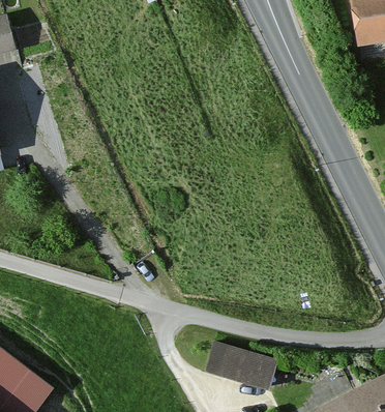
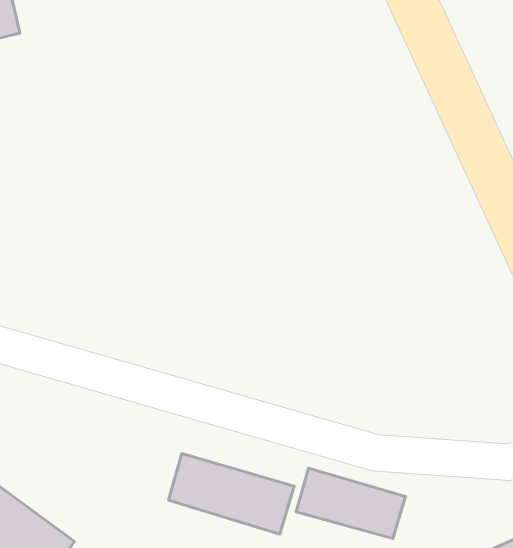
building: none -> [169,454,294,534]

